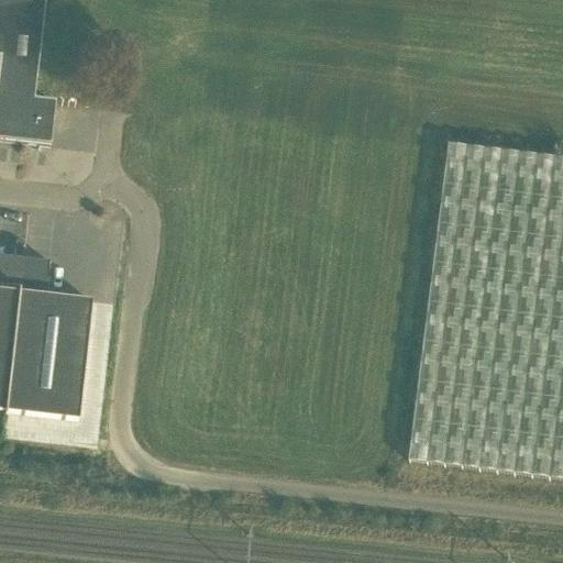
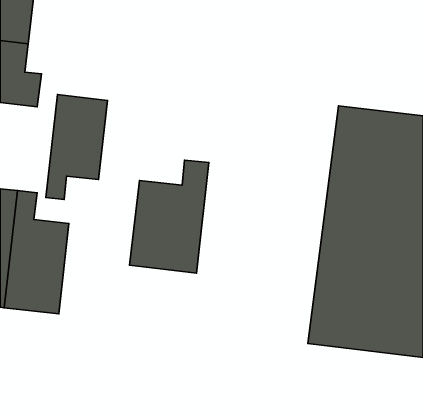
building: none -> [46,94,108,199]
building: none -> [130,160,209,273]

